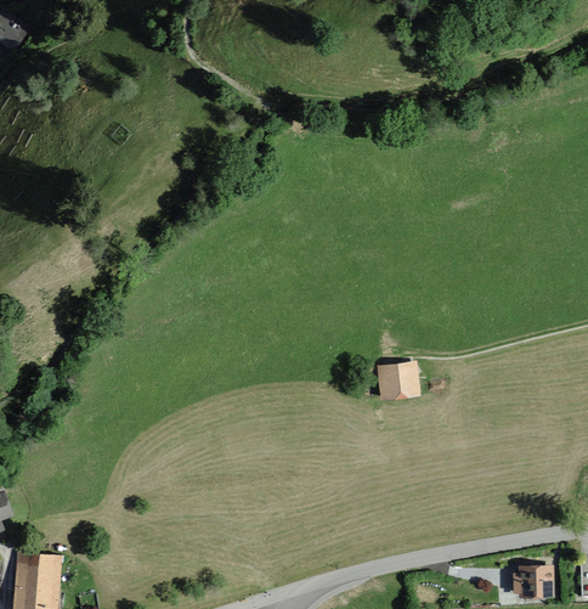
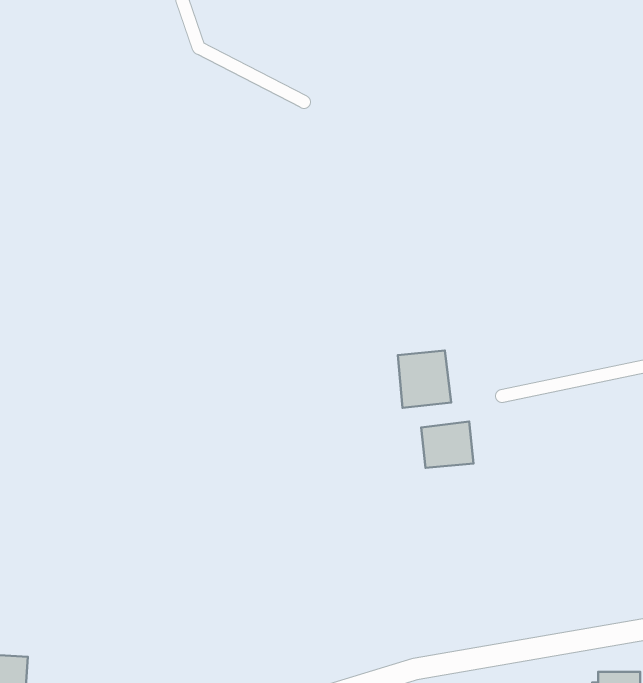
building: none -> [398,350,451,408]

